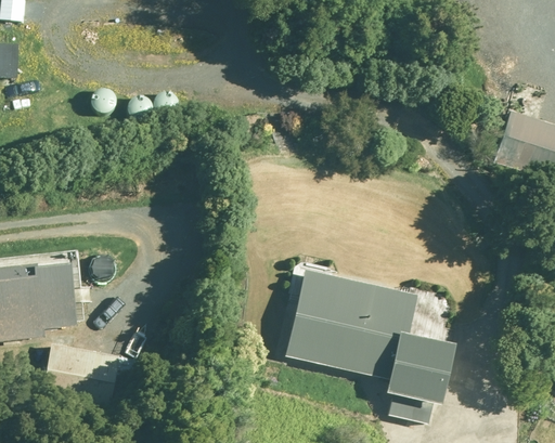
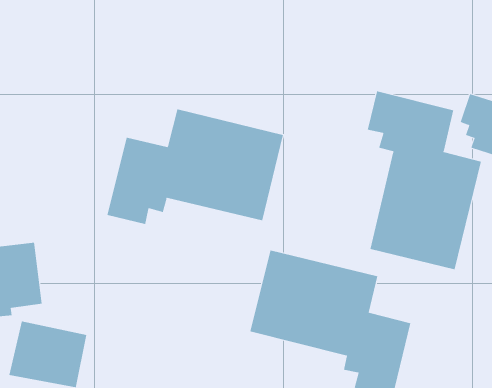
building: none -> [367,91,481,270]
building: none -> [107,108,284,225]

